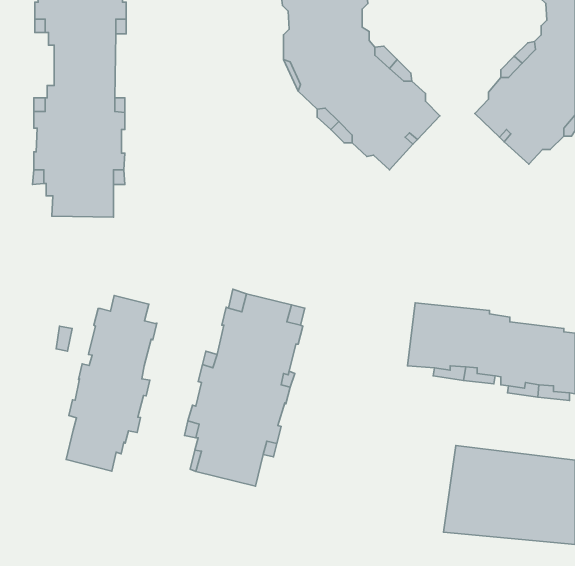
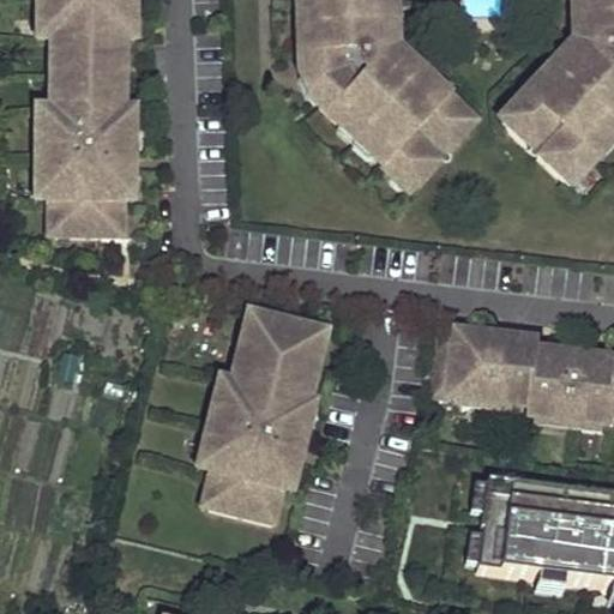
building: [66,295,157,471] -> none

